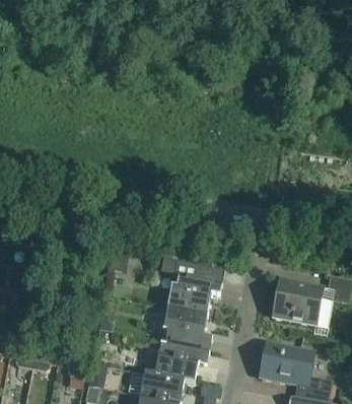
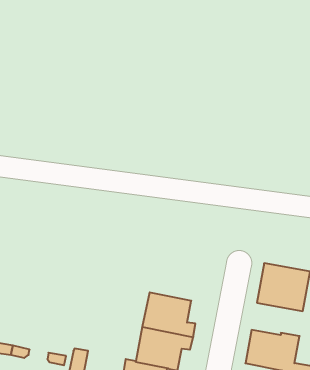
building: [162,256,224,314] -> none

